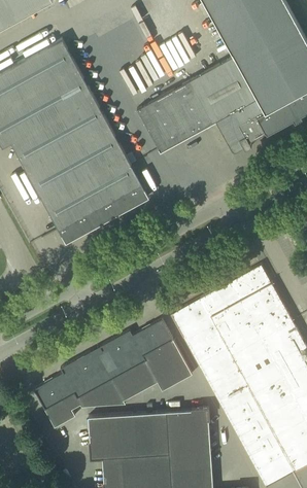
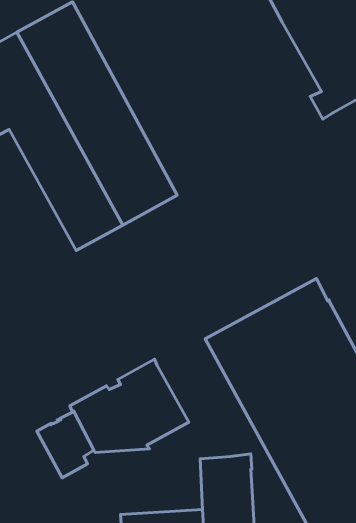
building: [135,57,265,153] -> none
building: [131,320,191,392] -> none
building: [88,413,168,460] -> none

